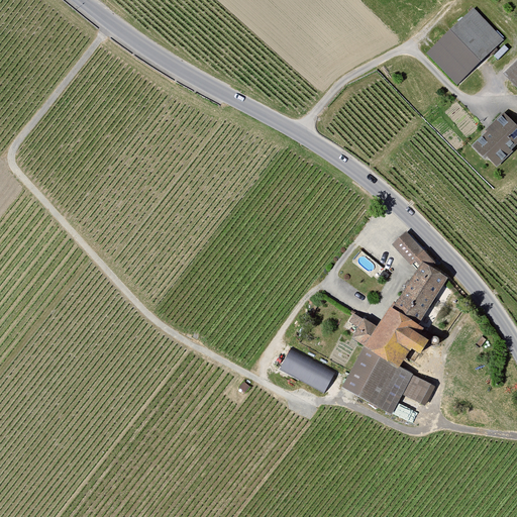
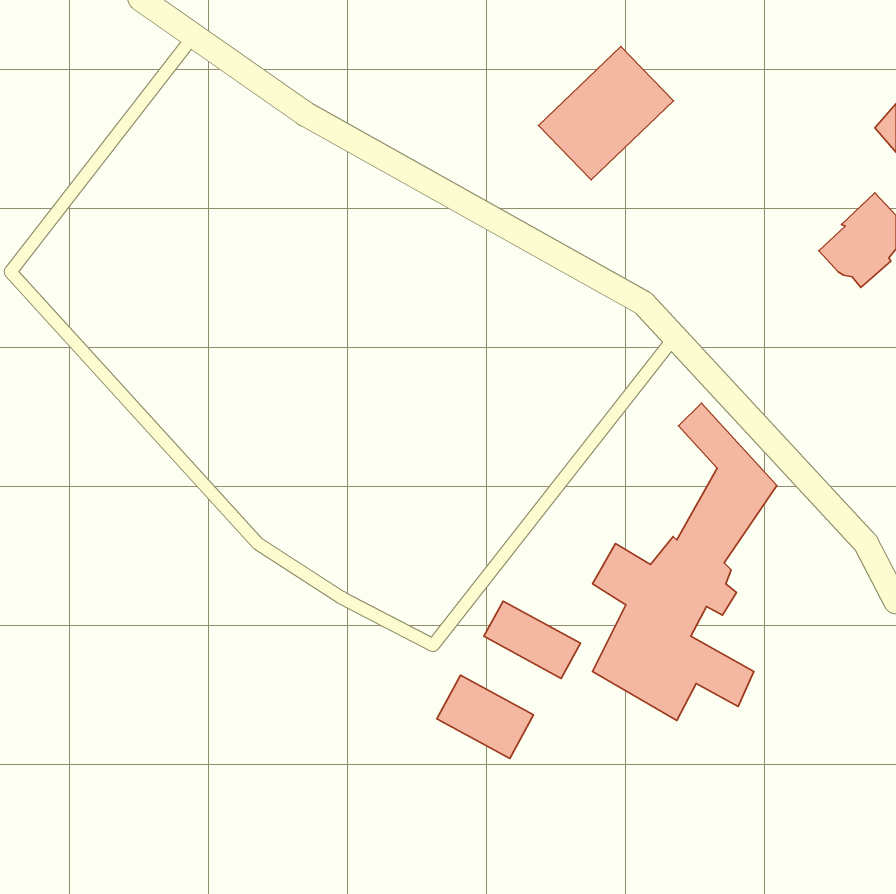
building: [427,7,505,84] -> [539,47,674,180]
building: none -> [437,675,533,759]

